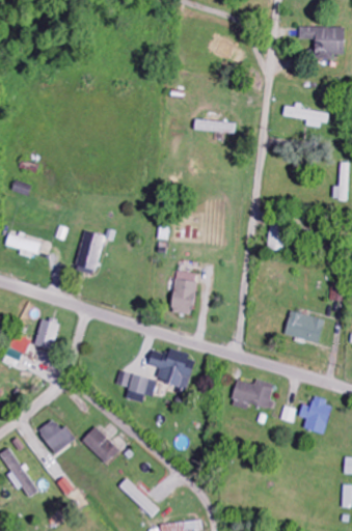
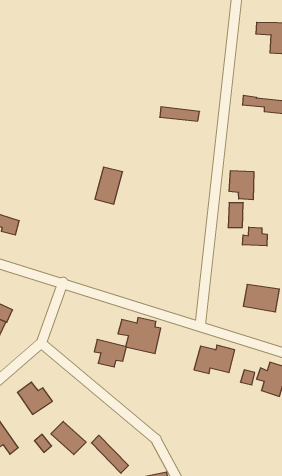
building: none -> [229,171,254,200]
building: [75,230,105,271] -> [95,167,123,204]
building: none -> [243,227,267,246]
building: [170,271,197,314] -> none
building: [35,319,59,350] -> none
building: [81,427,119,464] -> [51,421,86,455]

